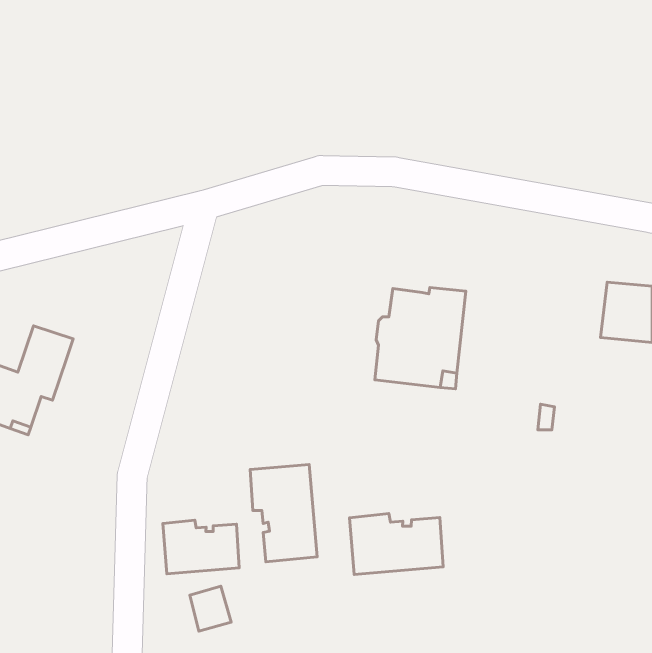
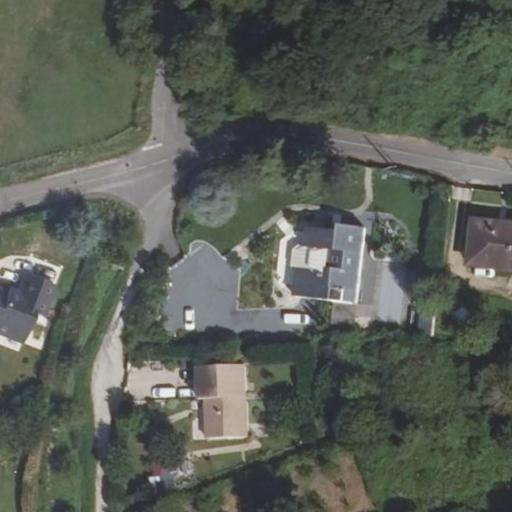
building: [350,514,443,574] -> none
building: [163,520,239,574] -> none

